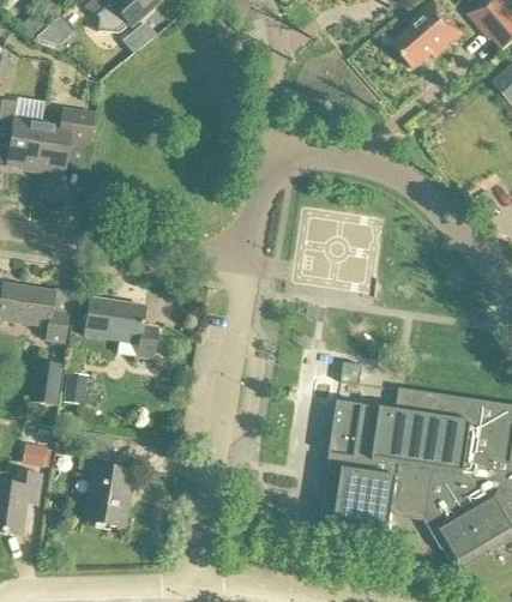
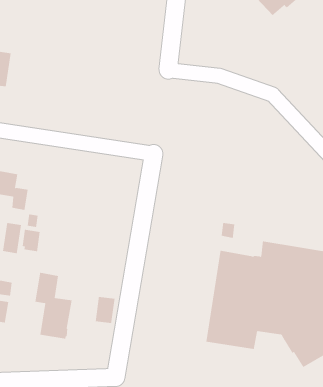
building: [38,108,95,174] -> none
building: [85,297,158,359] -> none
building: none -> [95,296,115,324]

